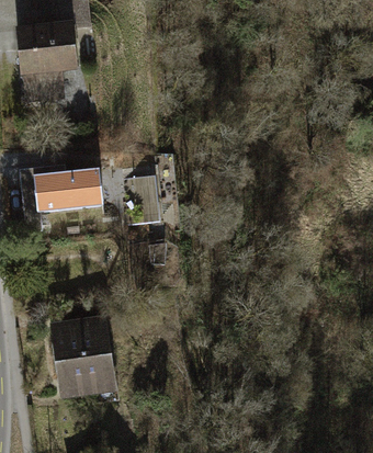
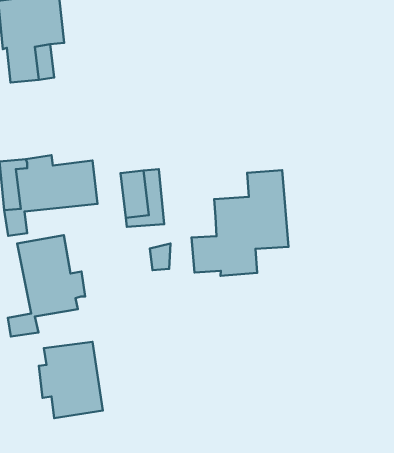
building: none -> [191,170,288,276]
building: none -> [8,235,85,336]

